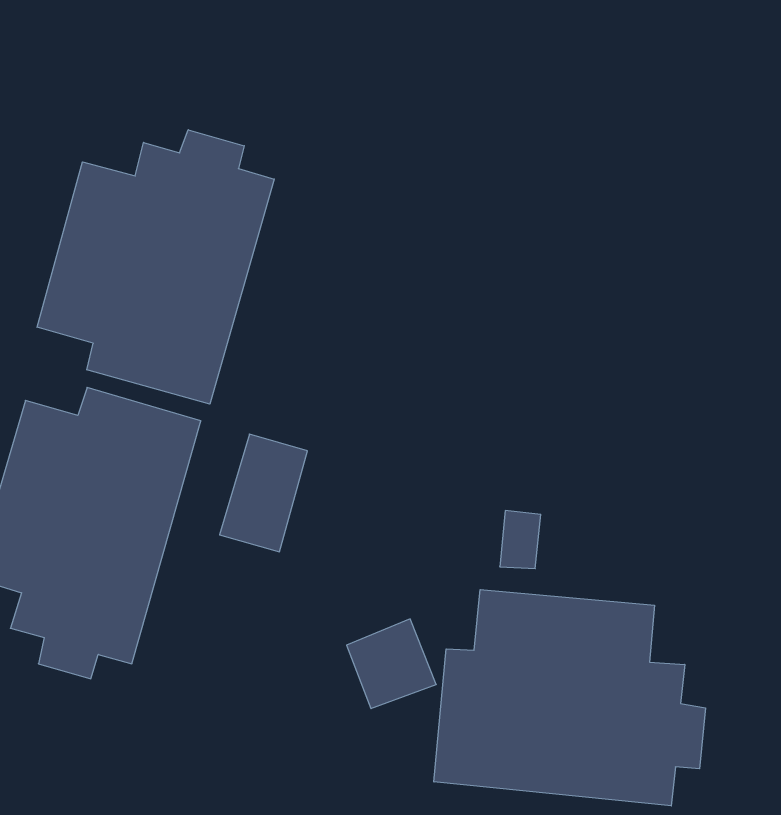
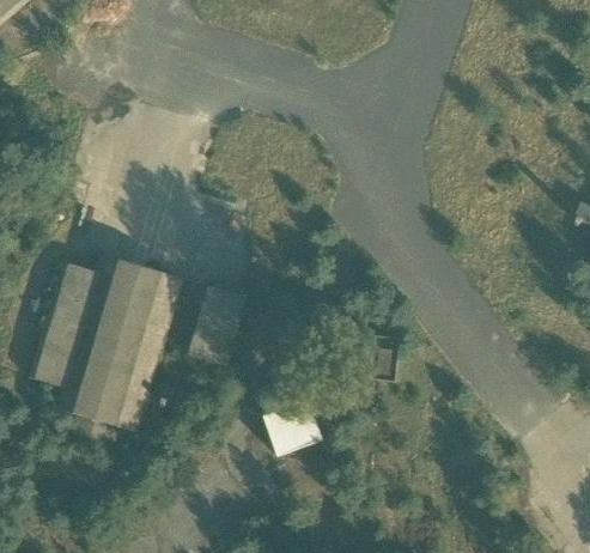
building: [37,130,274,404] -> none
building: [434,590,705,806] -> none

